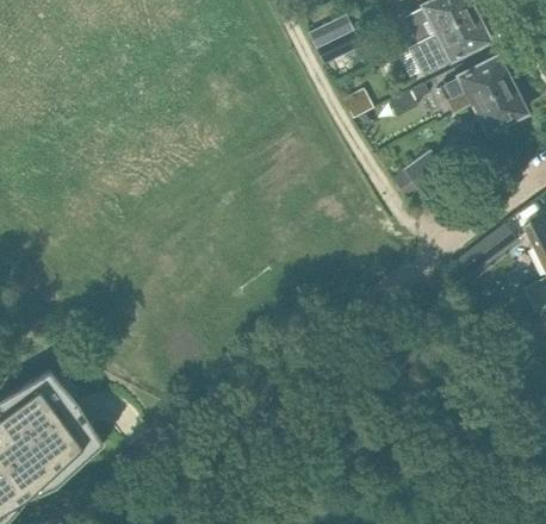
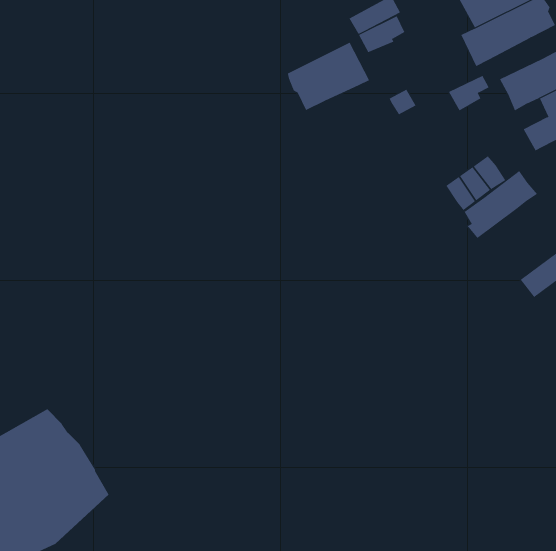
building: none -> [287,42,370,111]
building: none -> [464,170,538,239]

